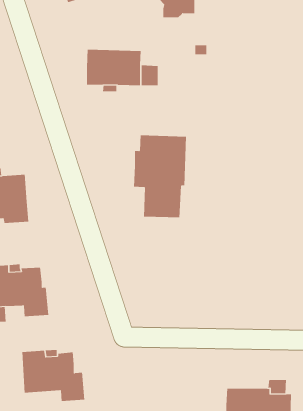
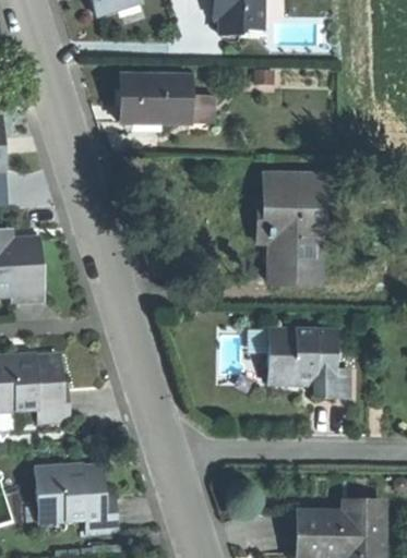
building: [133,135,187,218] -> [258,175,327,283]
building: none -> [266,326,349,396]

